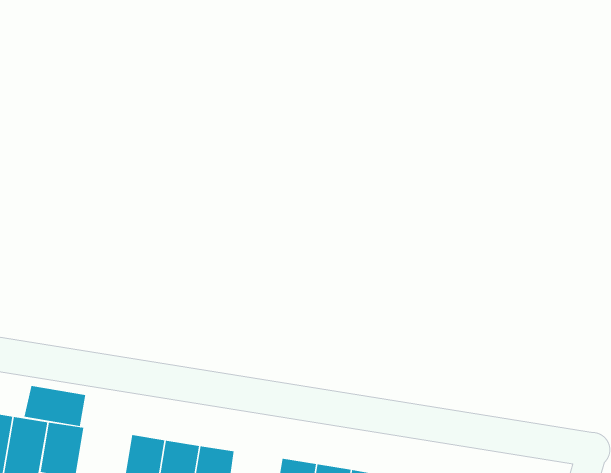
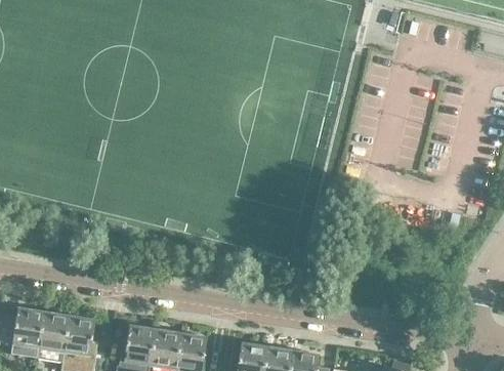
building: [24,385,86,427] -> none

